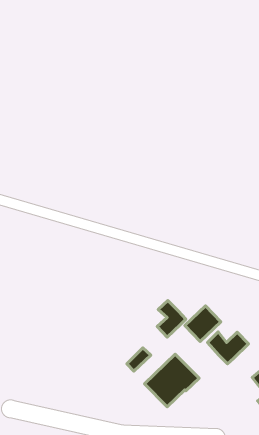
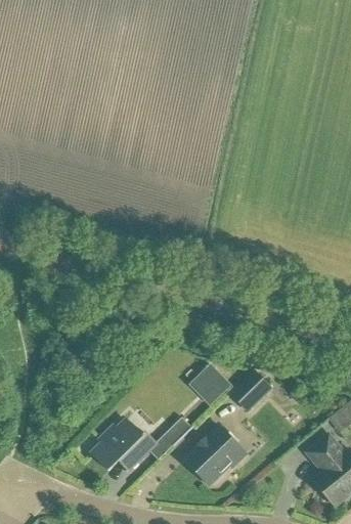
building: [207,332,249,364] -> none
building: none -> [92,420,156,471]

